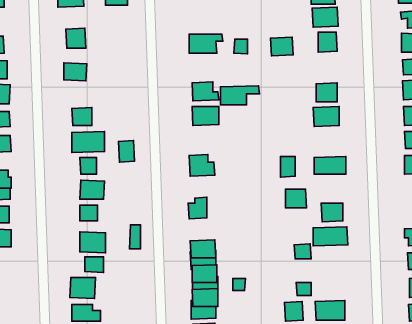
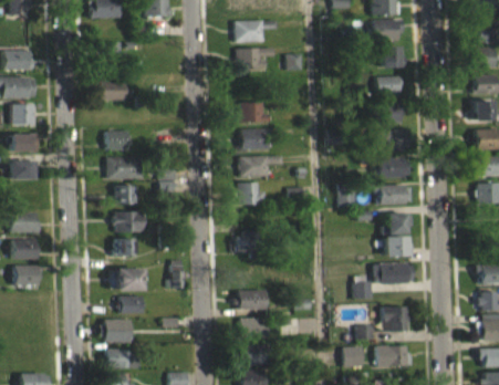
building: none -> [235,20,264,41]
building: [270,37,293,56] -> [377,75,403,96]
building: [221,86,259,105] -> [240,155,283,176]
building: none -> [376,157,408,177]
building: [286,189,306,208] -> [387,212,410,233]
building: none -> [383,306,407,331]

